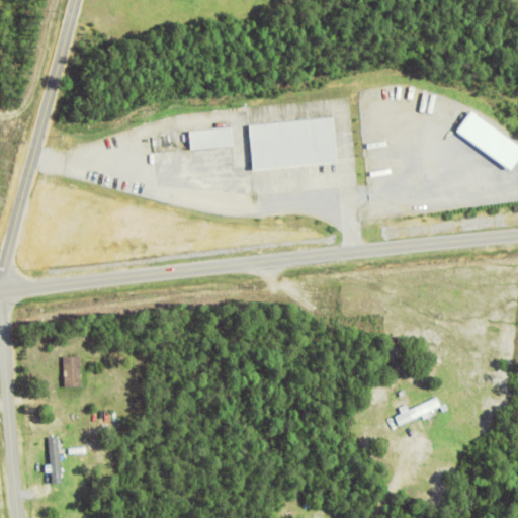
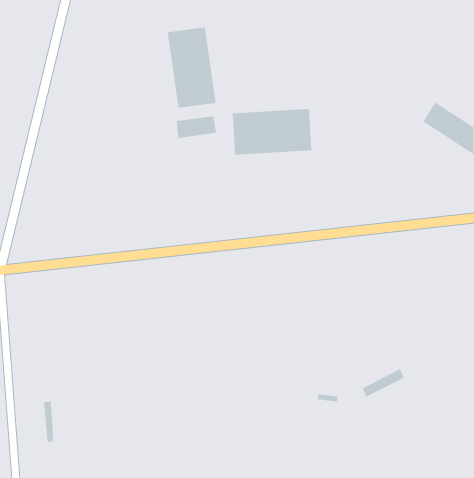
building: none -> [167,27,216,109]
building: [60,358,78,390] -> none

